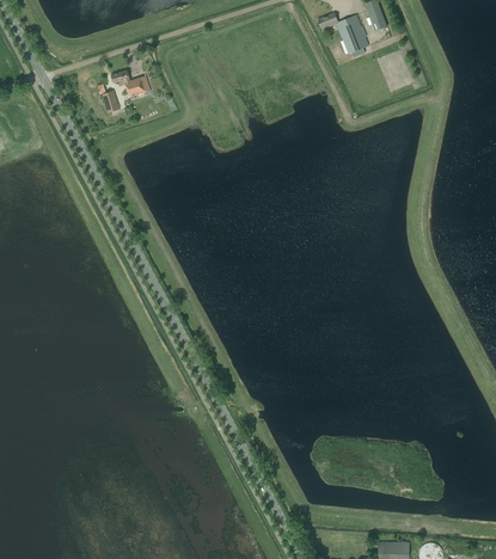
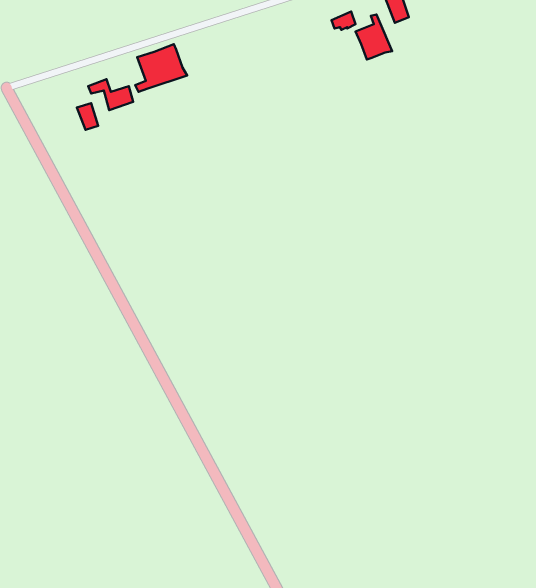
building: none -> [135,44,187,92]

